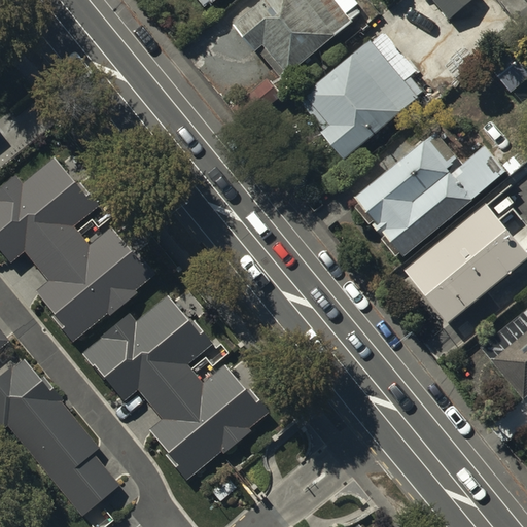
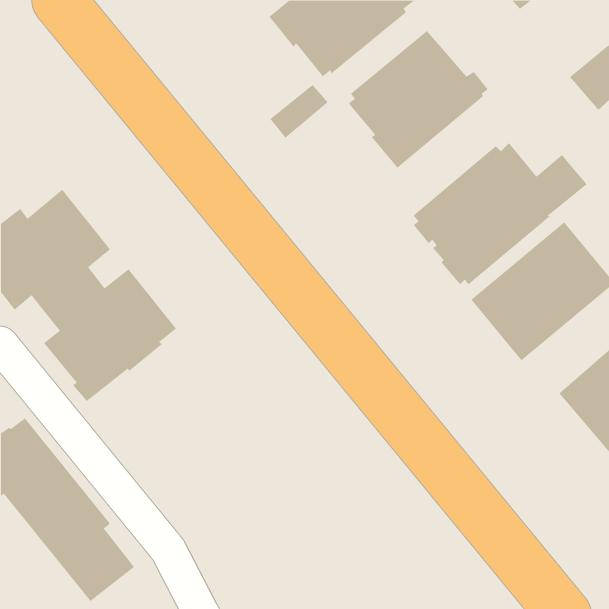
building: [90,304,270,487] -> none

